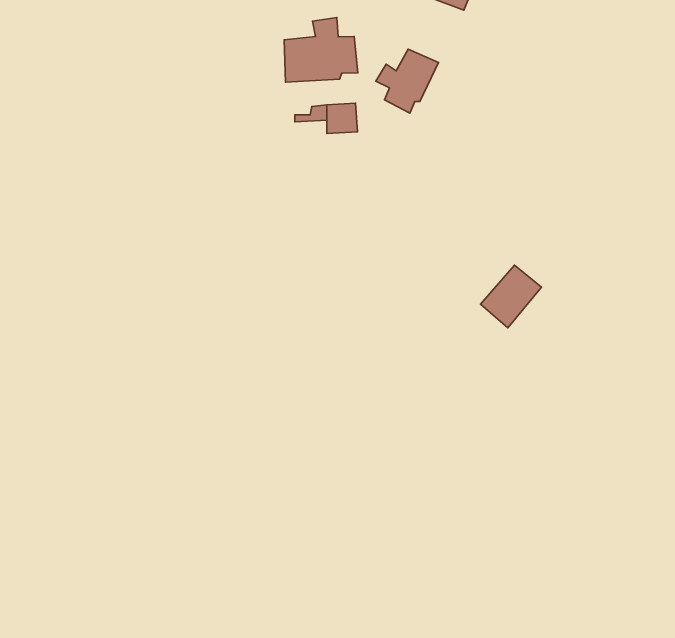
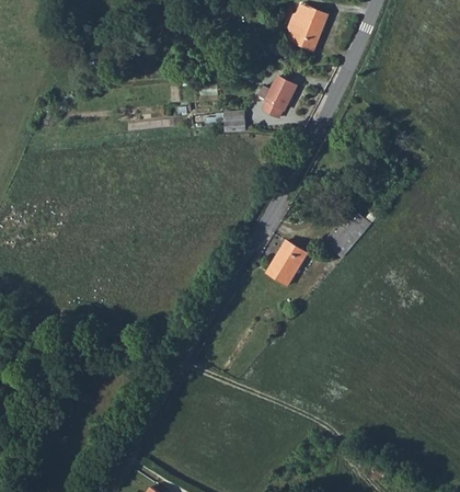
building: [284,18,358,82] -> none
building: none -> [266,240,307,285]

